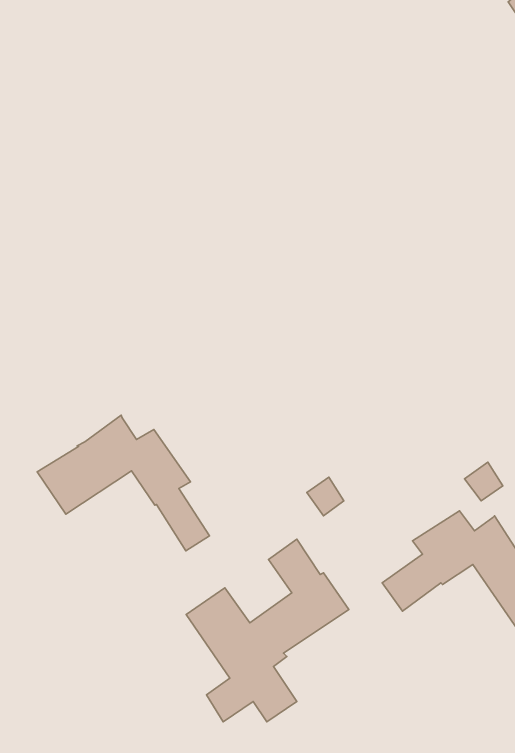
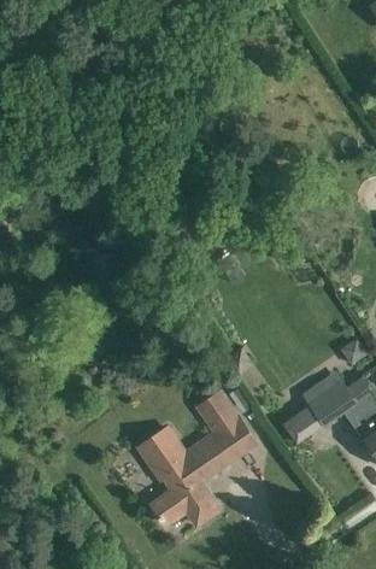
building: [37,415,210,551] -> none

